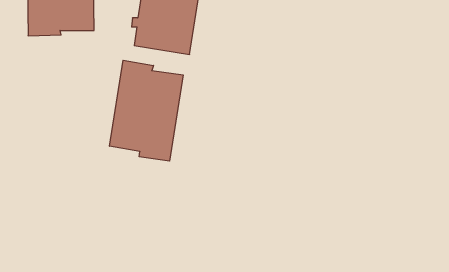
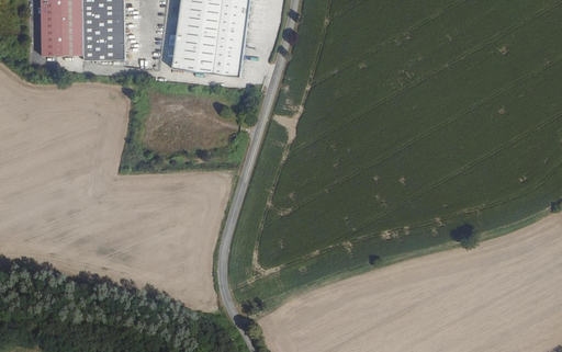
building: [110,60,183,161] -> none

